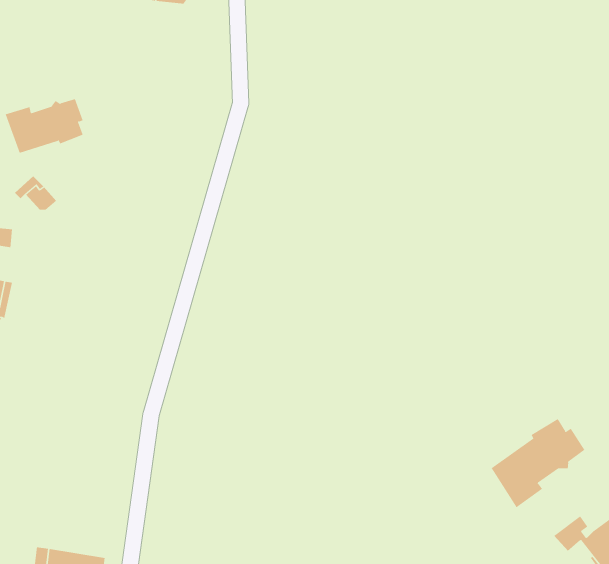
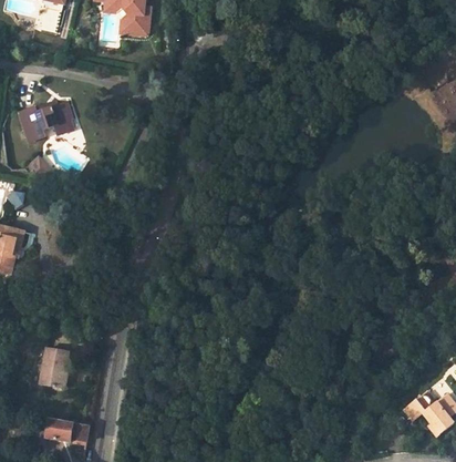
building: [491,418,585,508] -> none
building: none -> [38,347,68,387]

